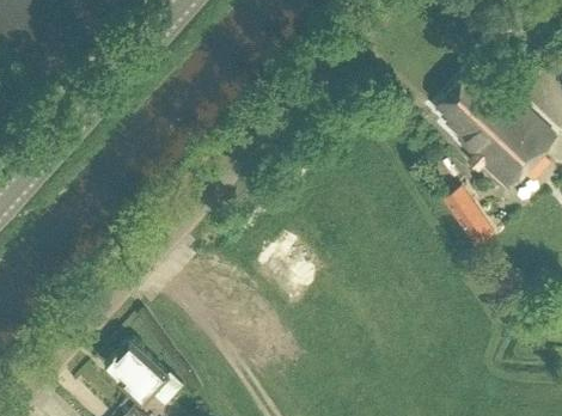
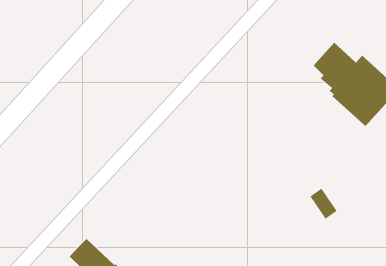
building: [454,201,493,244] -> [309,188,338,219]

